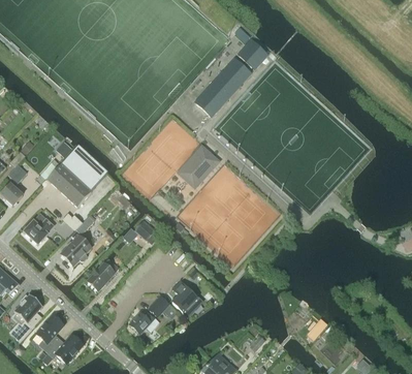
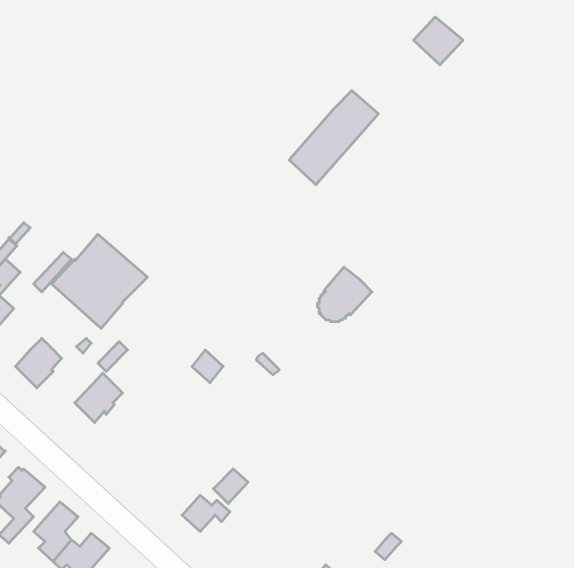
building: [237,39,268,69] -> [414,17,463,65]
building: [185,146,219,180] -> [317,267,372,322]
building: [87,261,115,290] -> none
building: [172,281,203,317] -> none

